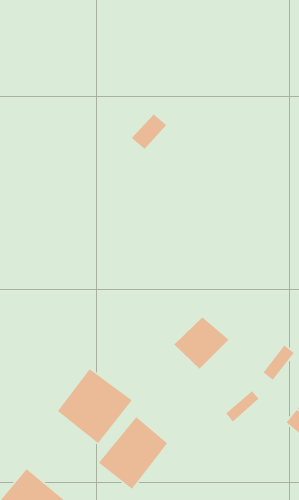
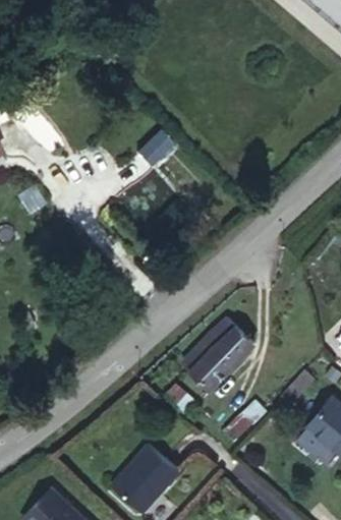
building: none -> [213,320,255,360]
building: [57,368,133,444] -> none

